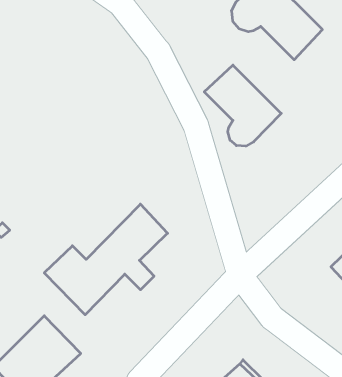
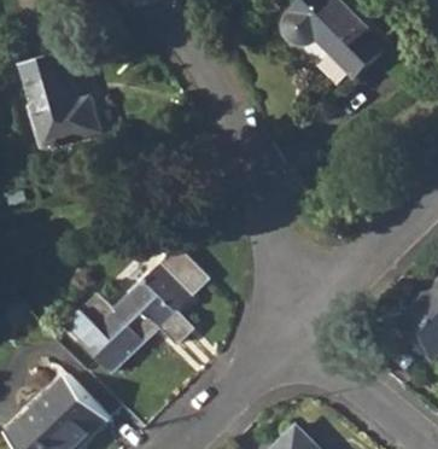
building: none -> [21,51,100,146]
building: [204,65,281,146] -> none

